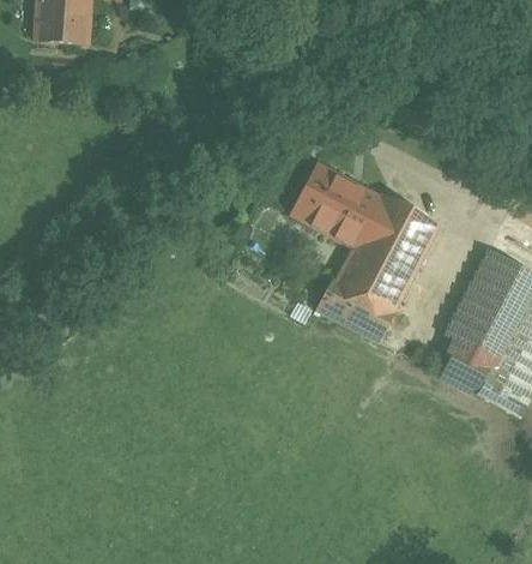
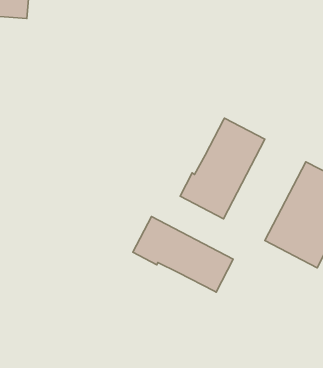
building: [288,160,379,245] -> none
building: none -> [133,217,233,292]

